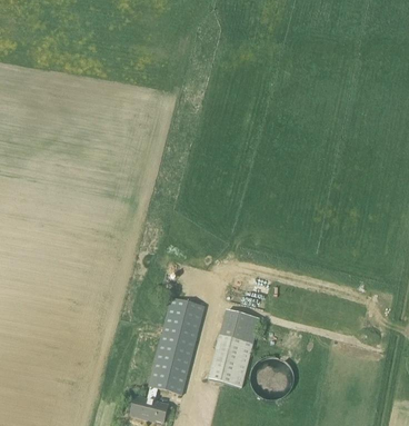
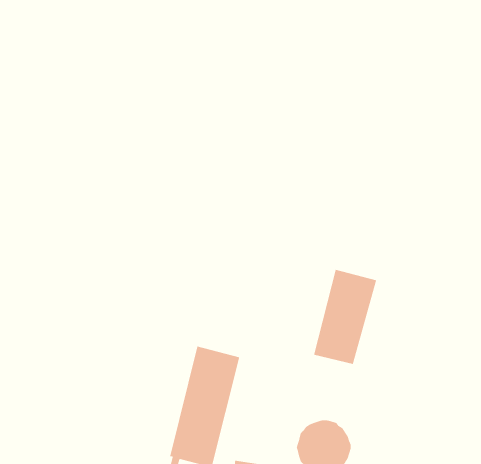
building: [209,309,260,386] -> [313,269,377,365]

